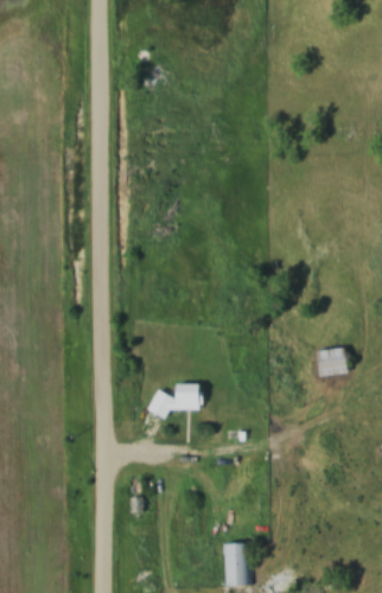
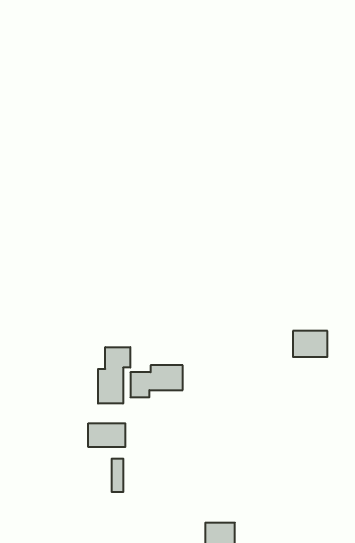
building: none -> [98,347,130,404]
building: none -> [88,423,125,447]

